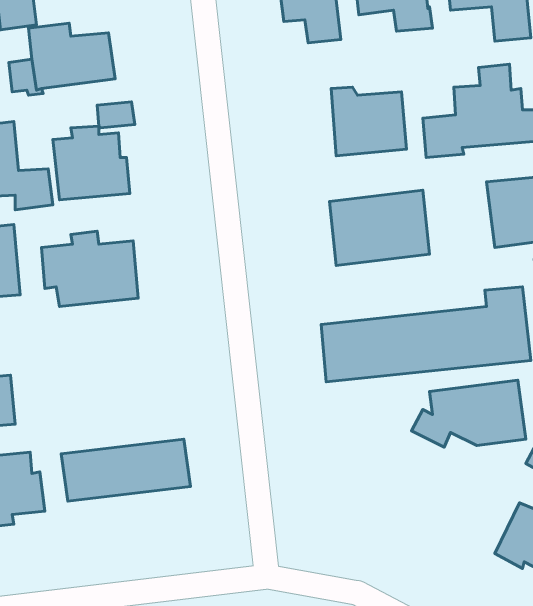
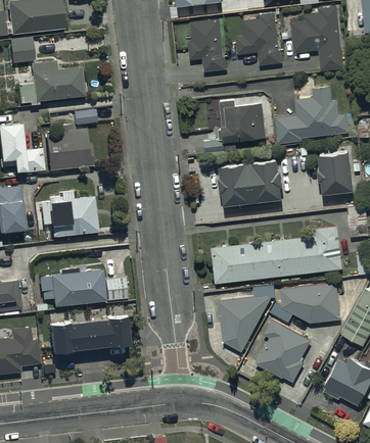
building: none -> [39,270,106,306]
building: none -> [218,284,276,351]
building: none -> [256,318,311,383]

